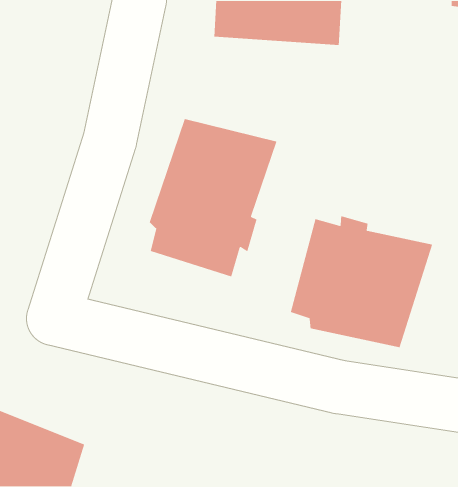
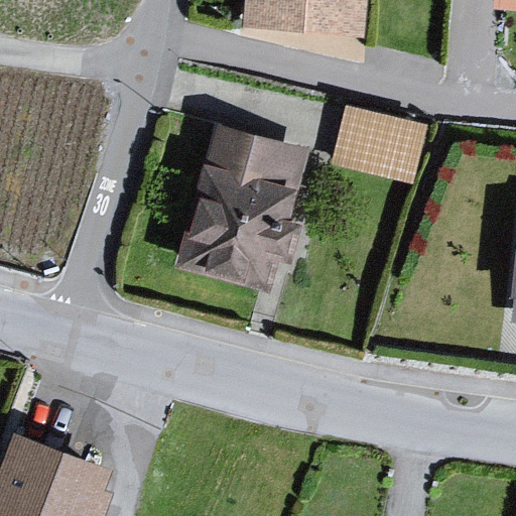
building: none -> [332,106,433,187]
building: [290,215,433,348] -> none

